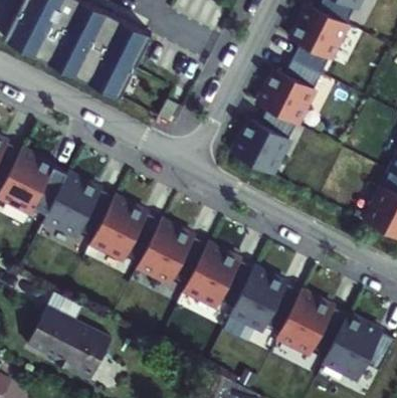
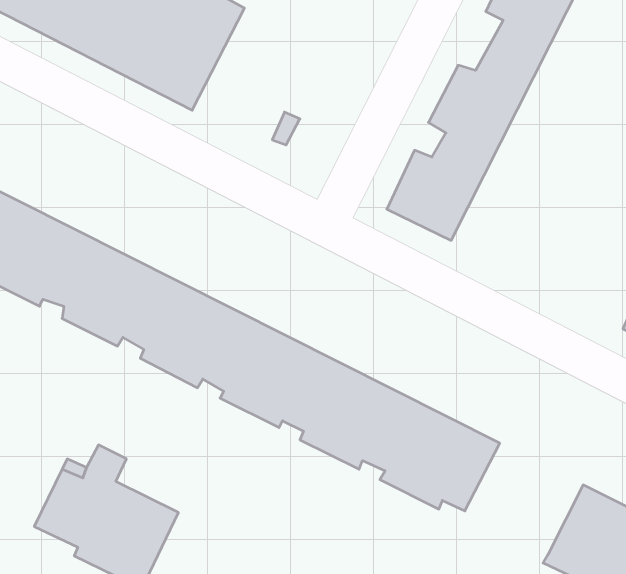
building: [275,291,347,356] -> none

